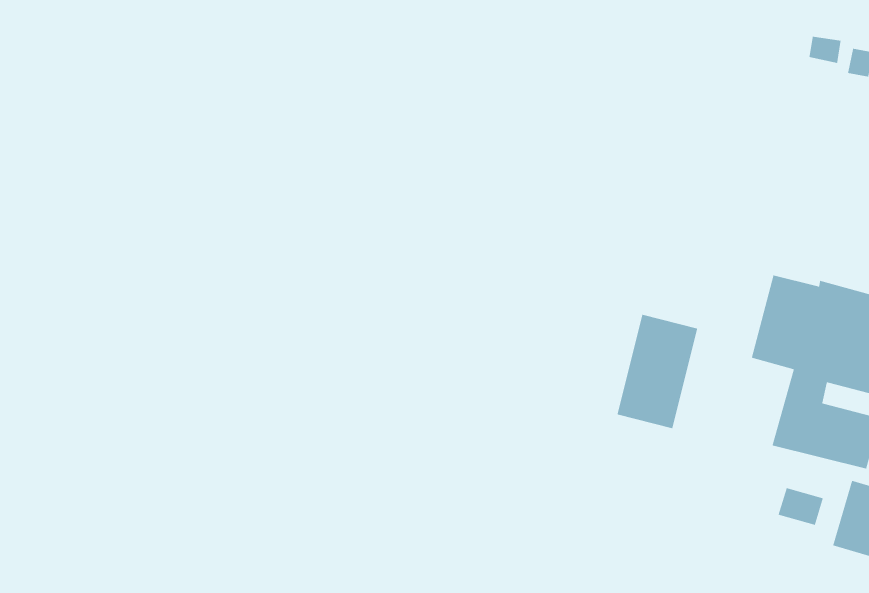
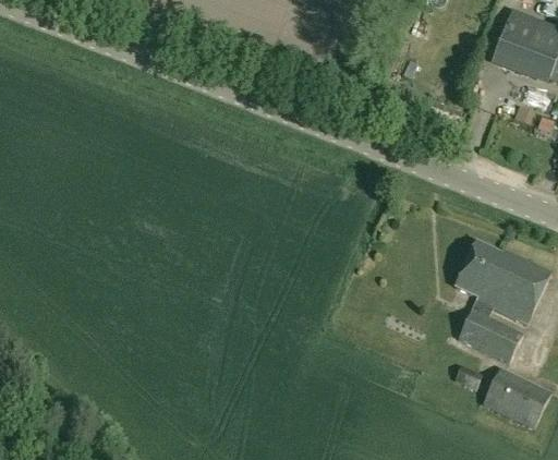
building: [617,314,698,429] -> none

